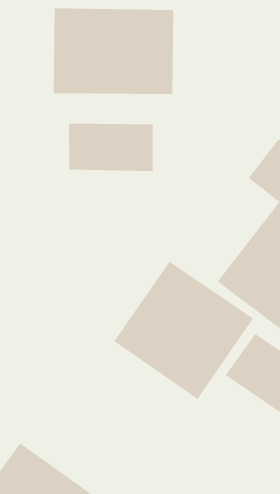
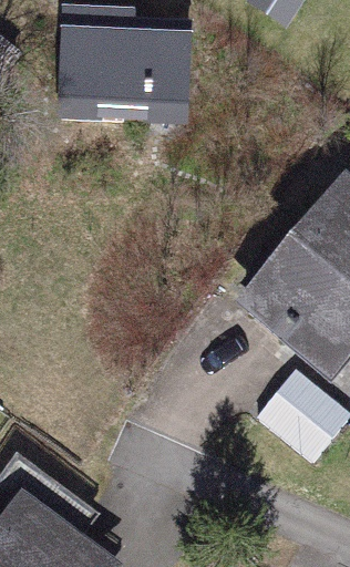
building: [68,123,153,172] -> none
building: [114,261,254,400] -> none

